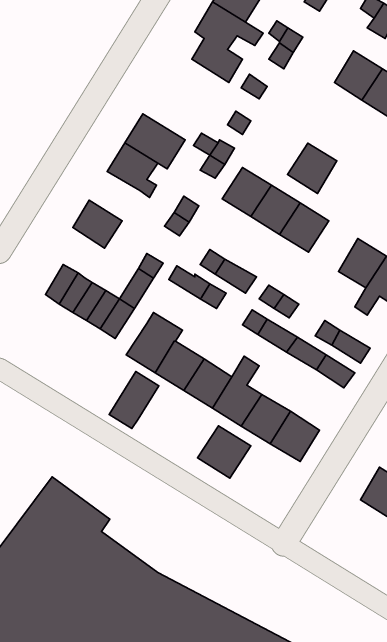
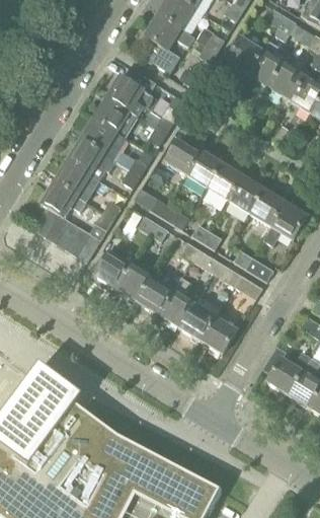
building: none -> [227,36,262,73]
building: none -> [106,75,153,116]
building: [287,143,337,194] -> [229,175,265,213]
building: none -> [67,139,115,179]
building: none -> [41,180,78,218]
building: [109,372,159,428] -> none
building: [197,426,251,478] -> none

